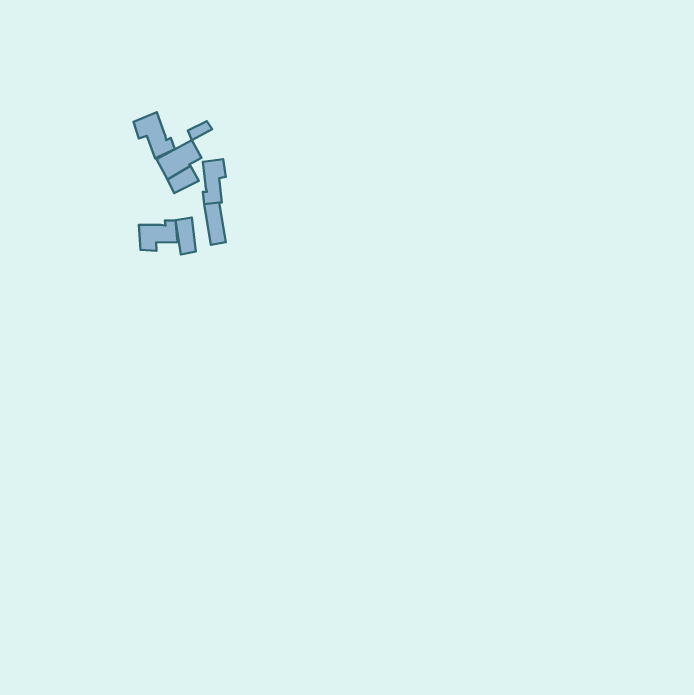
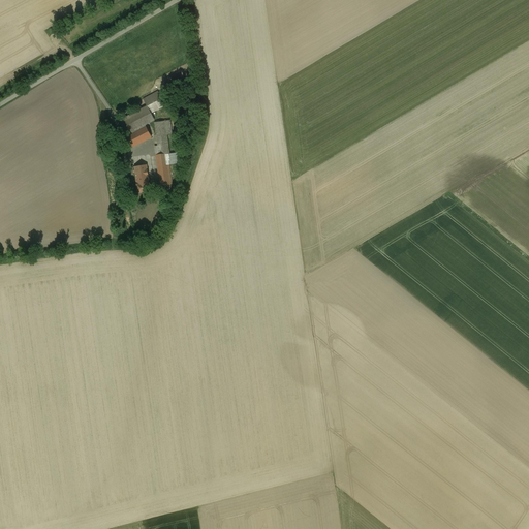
building: [134,112,175,158] -> none
building: [139,221,178,251] -> none

